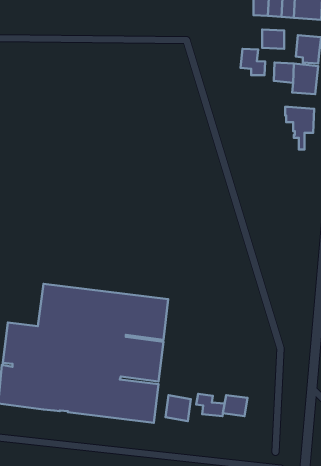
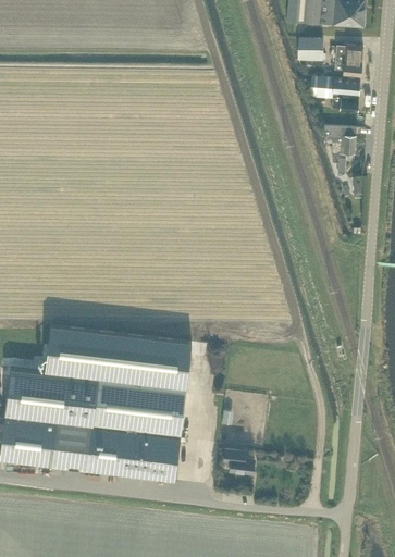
building: [240,49,265,75] -> none
building: [223,395,248,416] -> none
building: [165,395,191,421] -> none

